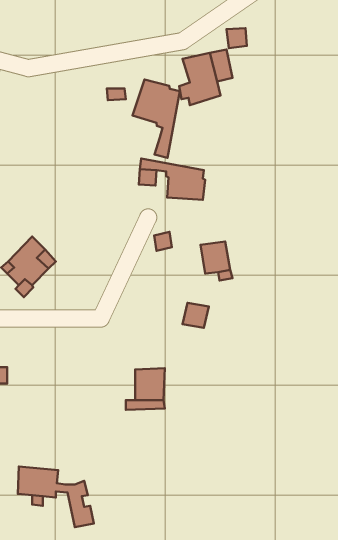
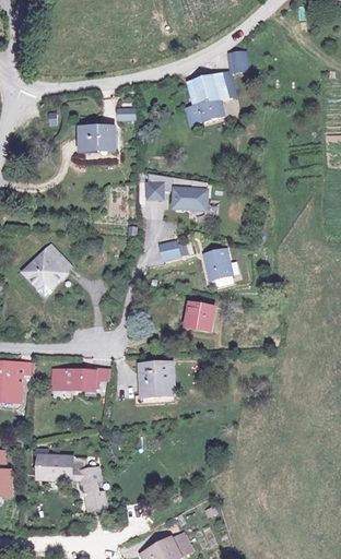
building: [132,80,180,158] -> none
building: none -> [82,127,115,148]
building: none -> [48,370,90,388]

